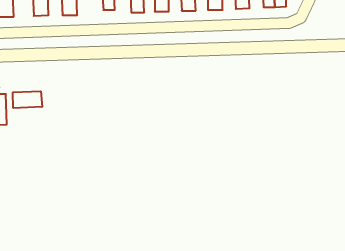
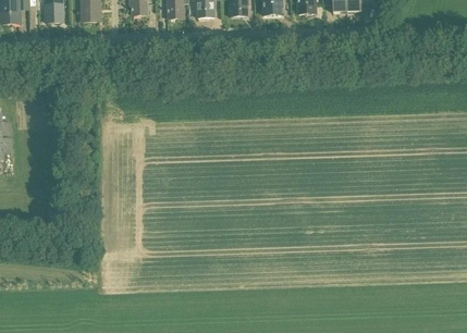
building: [13,91,42,108] -> none

